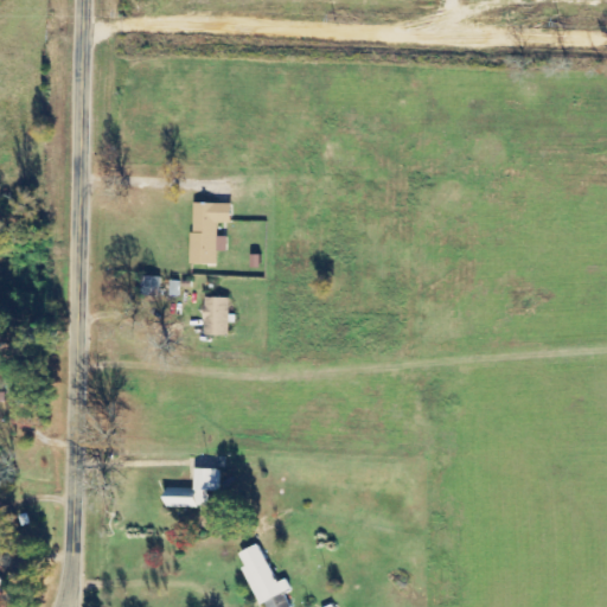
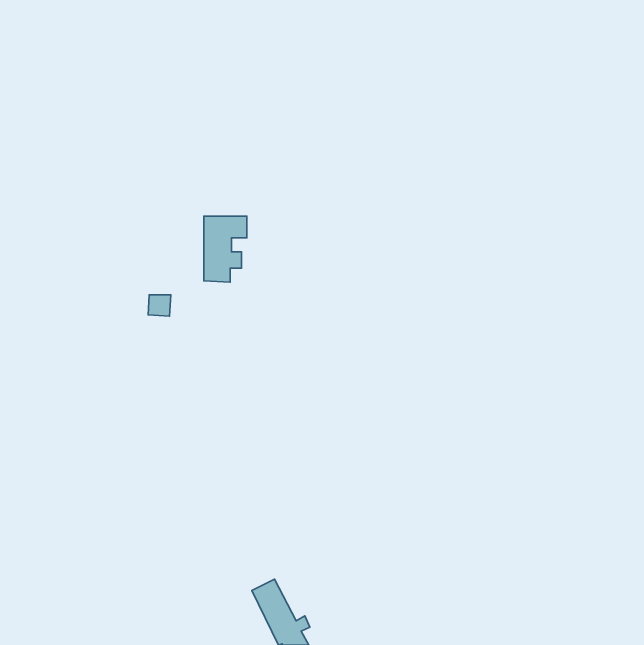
building: [203,298,228,336] -> none
building: [164,467,218,507] -> none

